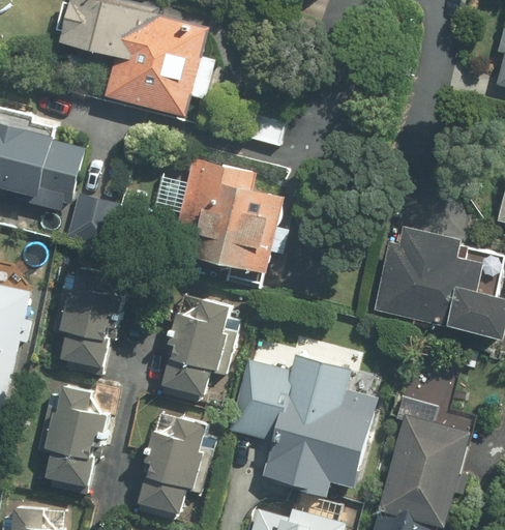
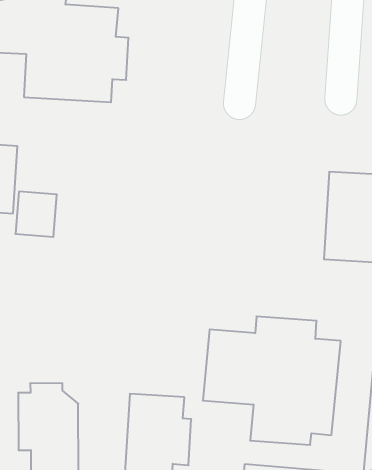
building: [157,157,286,271] -> none
building: [52,264,117,371] -> none
building: [158,295,240,398] -> none

